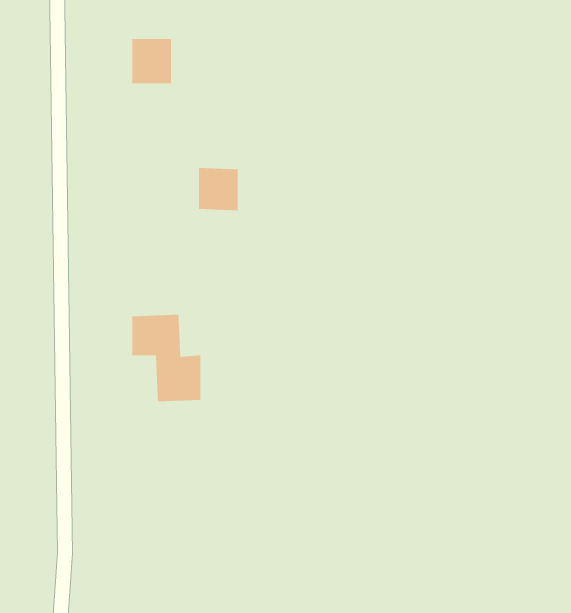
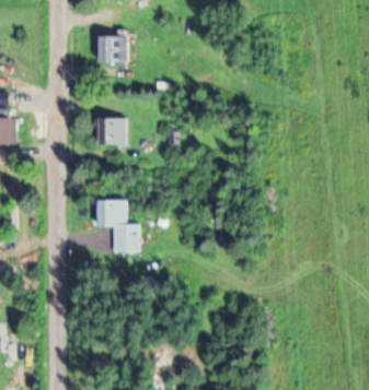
building: [198,167,239,211] -> [101,118,125,144]

